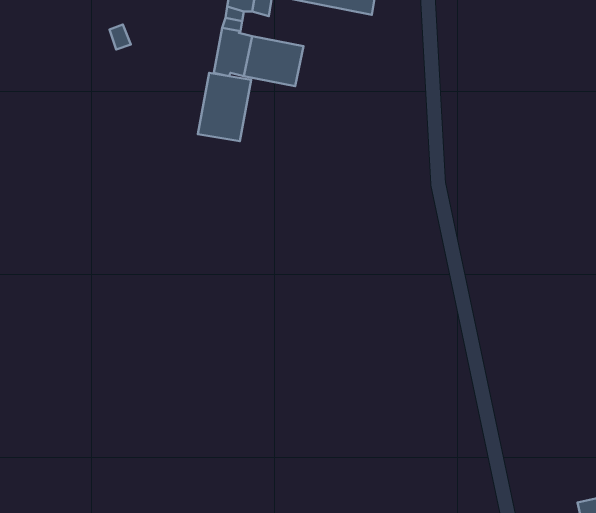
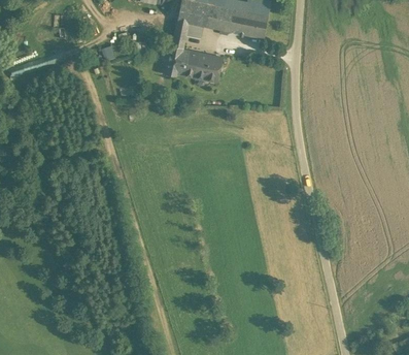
building: [198,73,251,141] -> none

